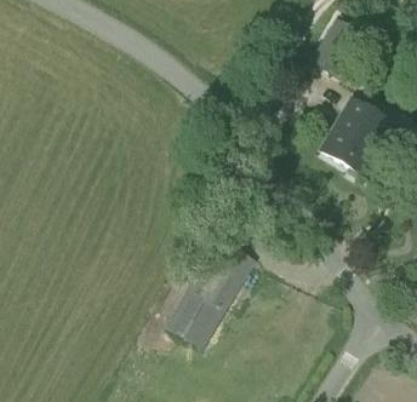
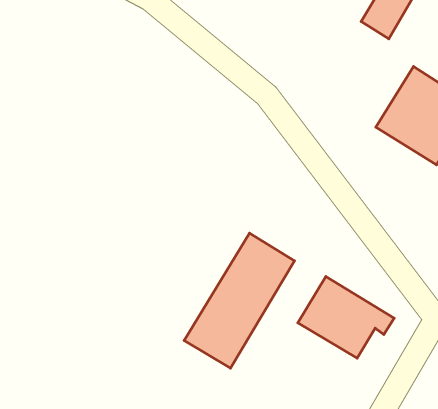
building: none -> [298,277,394,358]

